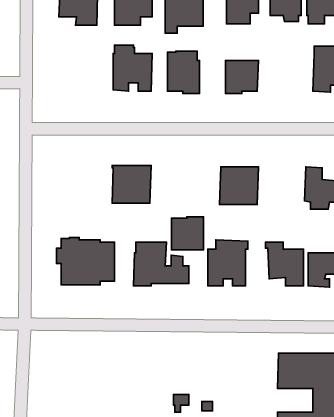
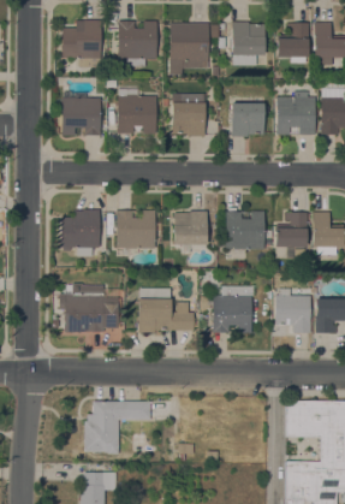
building: none -> [61,90,101,135]
building: none -> [275,90,315,135]
building: none -> [60,208,100,255]
building: none -> [274,212,307,257]
building: [172,217,203,250] -> [174,211,207,244]
building: none -> [84,401,150,453]

